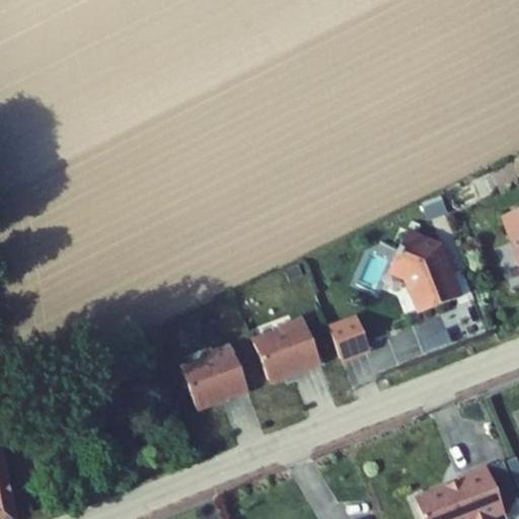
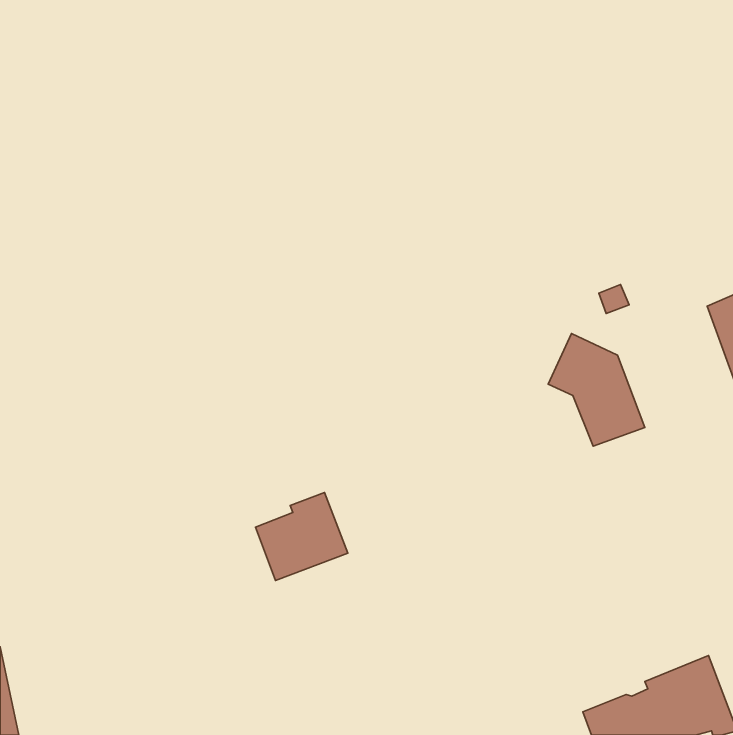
building: [254,318,319,380] -> none
building: [329,319,368,359] -> none

